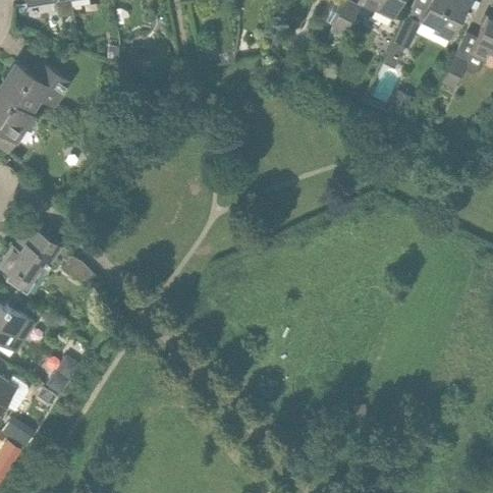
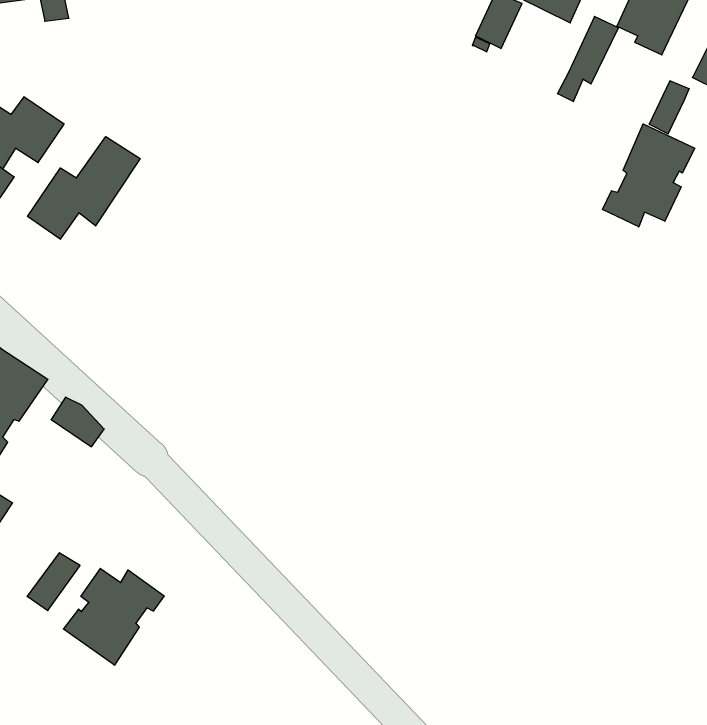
building: none -> [602,124,695,227]
building: none -> [28,137,140,239]
building: none -> [63,568,164,665]

